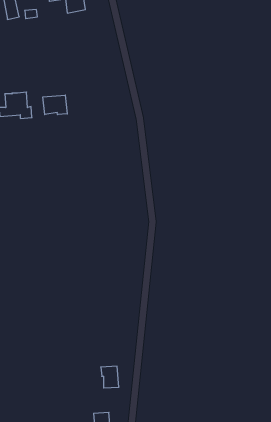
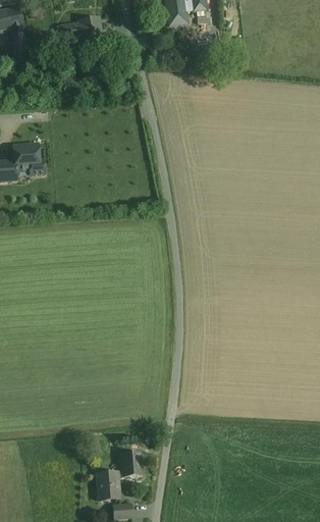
building: [43,95,67,115] -> none
building: none -> [96,472,118,500]

